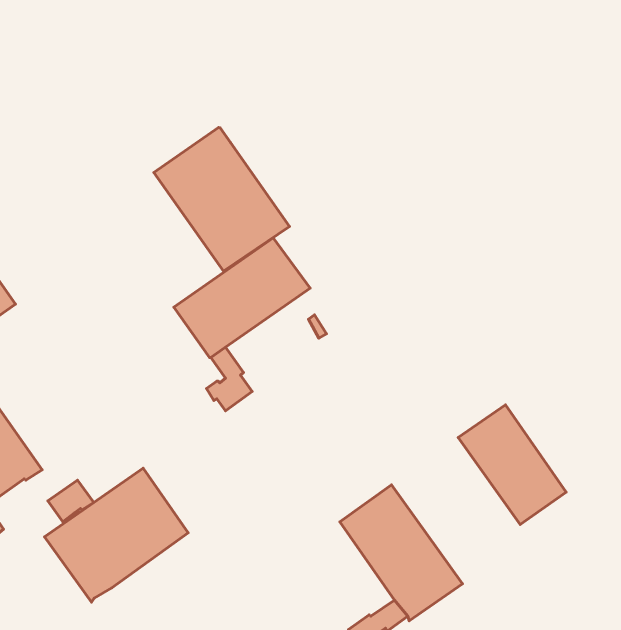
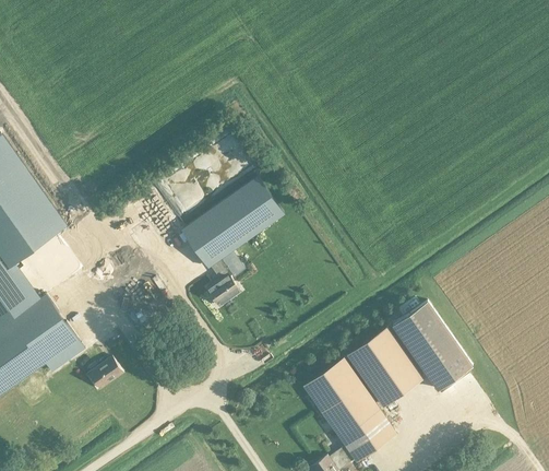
building: [154,127,290,271] -> none
building: none -> [348,329,421,405]
building: [45,468,188,602] -> none

